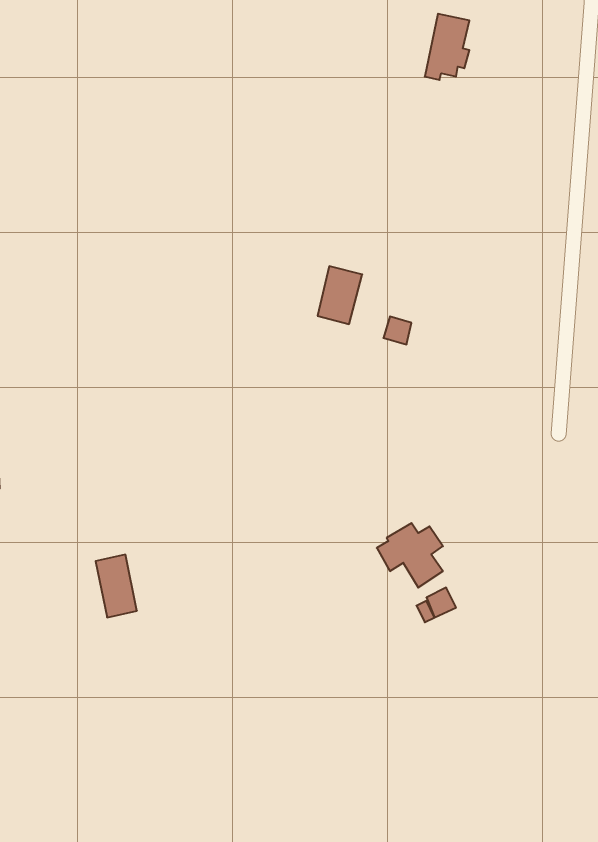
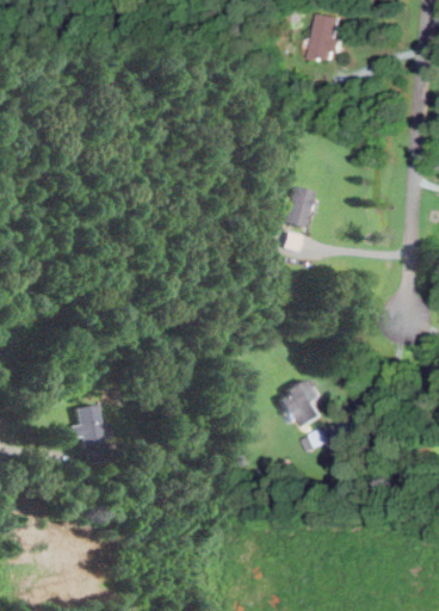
building: [318,266,362,324] -> [279,185,311,227]

